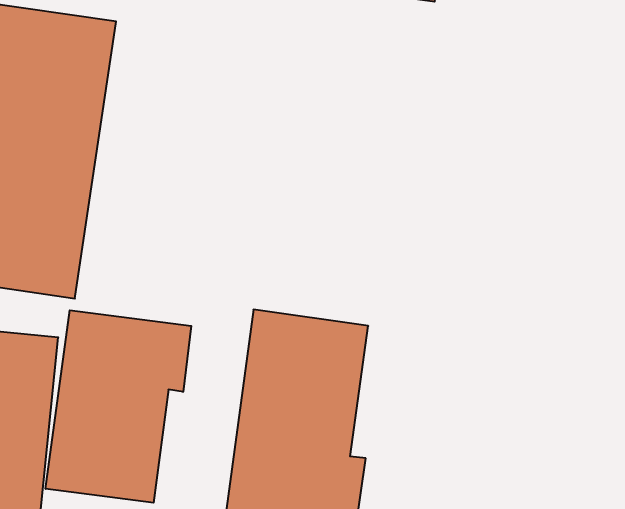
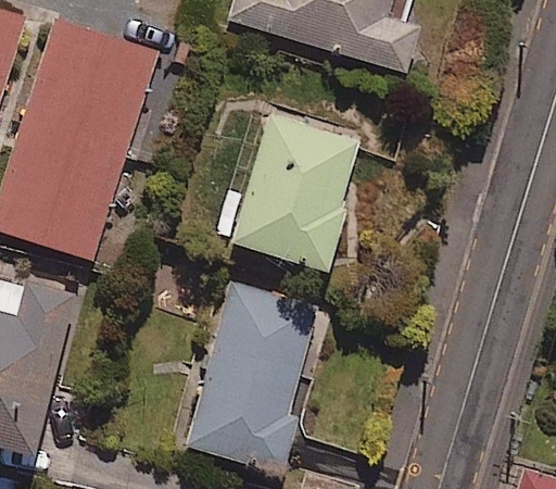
building: none -> [235,114,362,269]
building: [46,310,191,503] -> none

